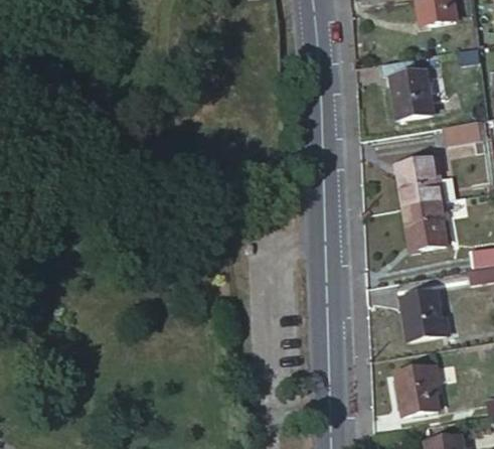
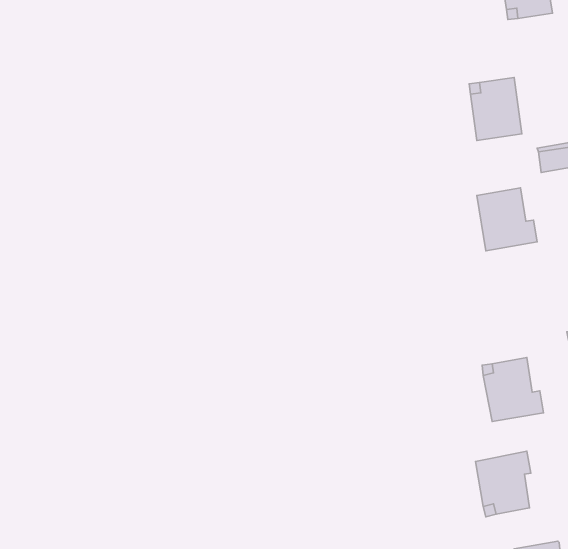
building: [403,198,447,249] -> none

